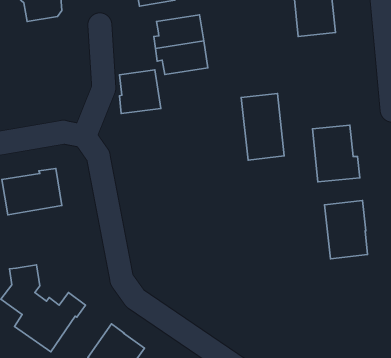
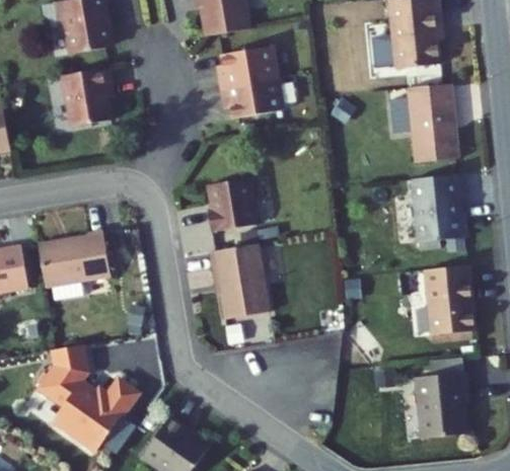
building: none -> [64,65,113,124]
building: [119,70,161,114] -> [210,178,260,231]
building: [241,93,284,160] -> [407,85,458,165]
building: none -> [210,244,267,318]
building: none -> [420,374,473,441]

